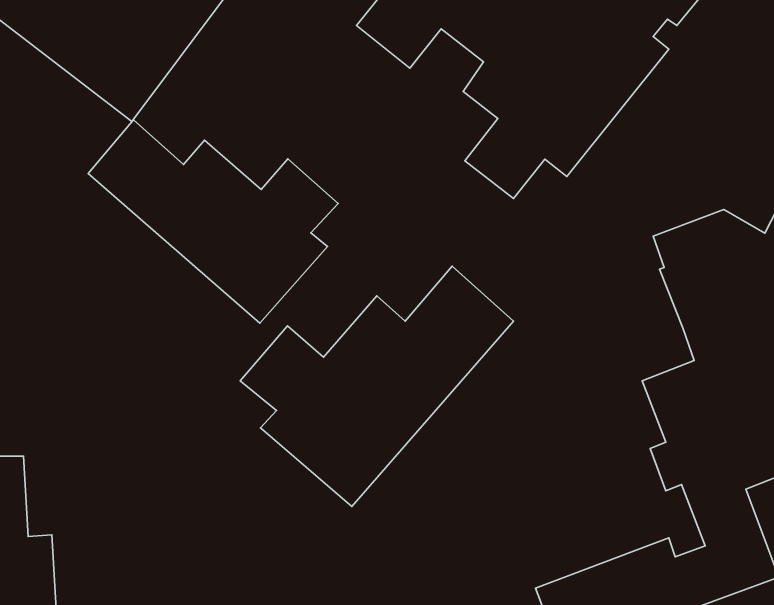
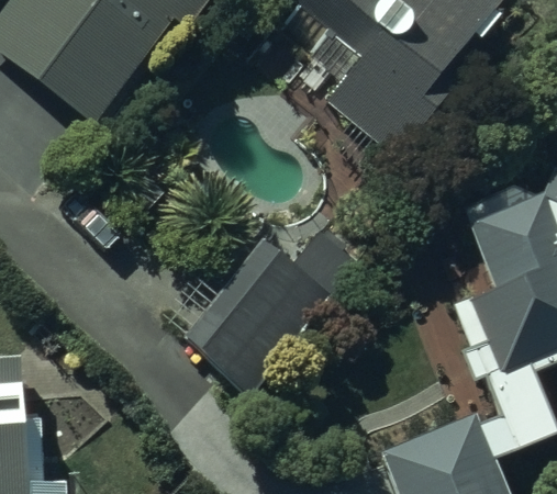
building: [88,120,338,323] -> none

